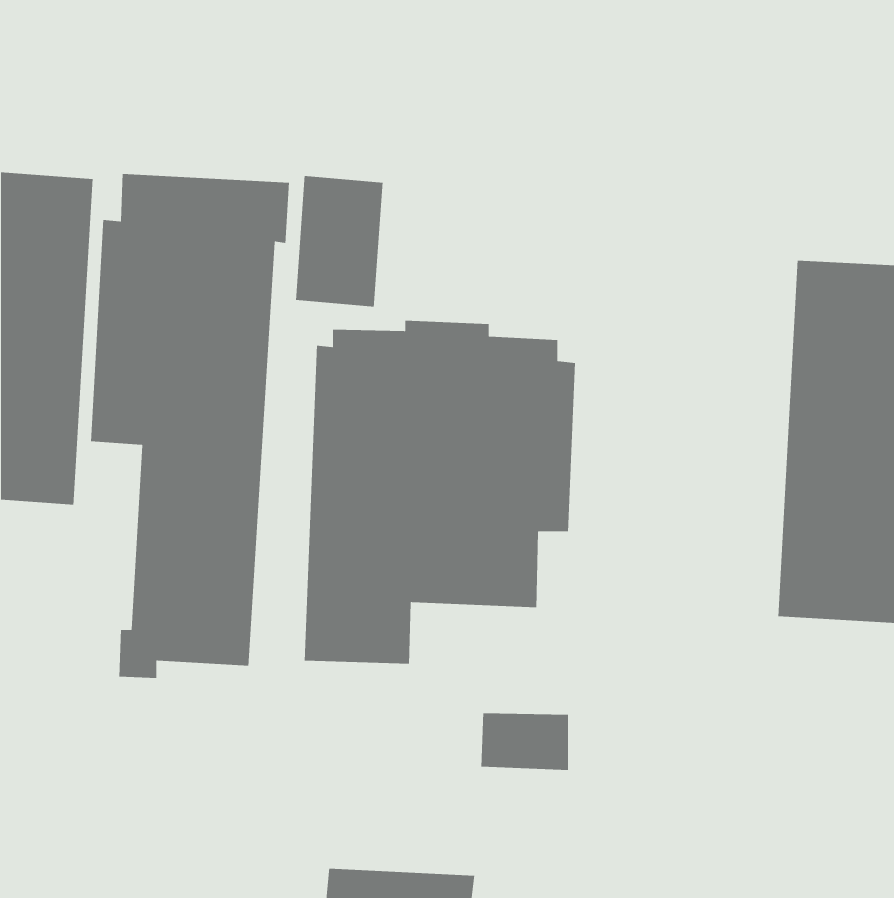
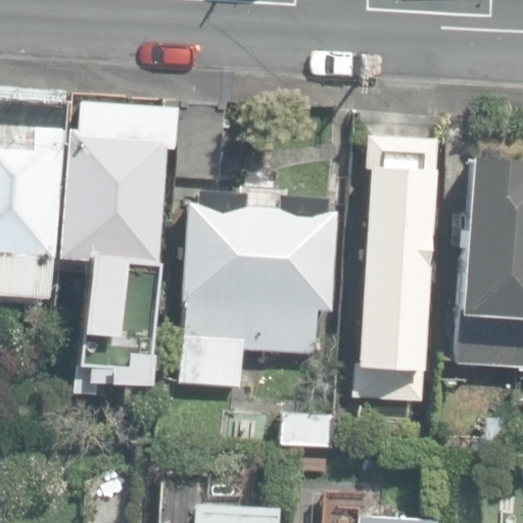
building: none -> [353,137,441,402]

